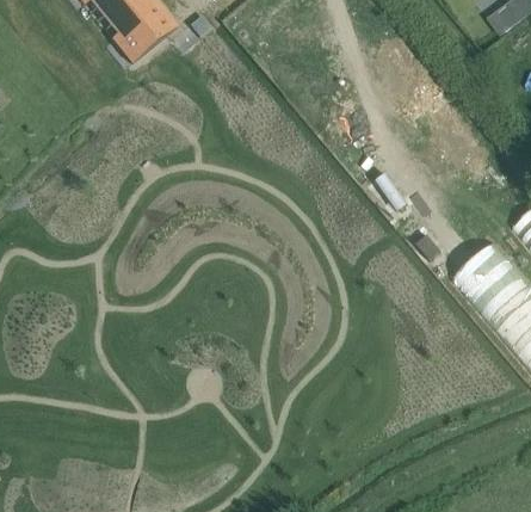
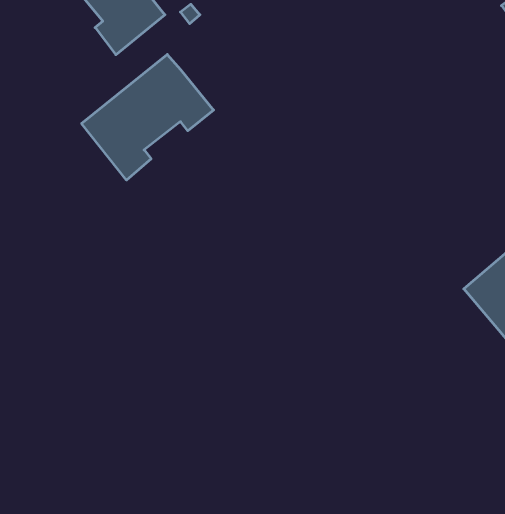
building: none -> [82,54,214,180]

